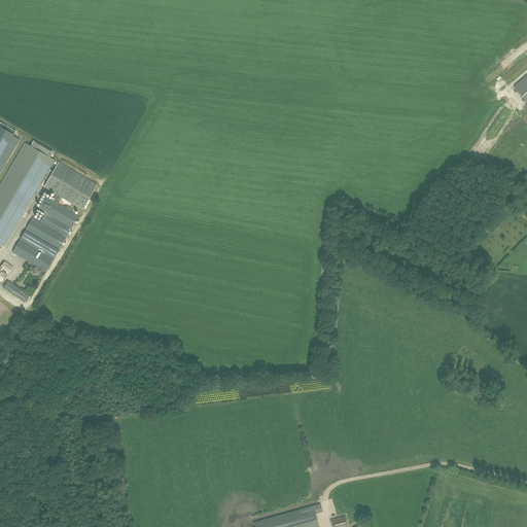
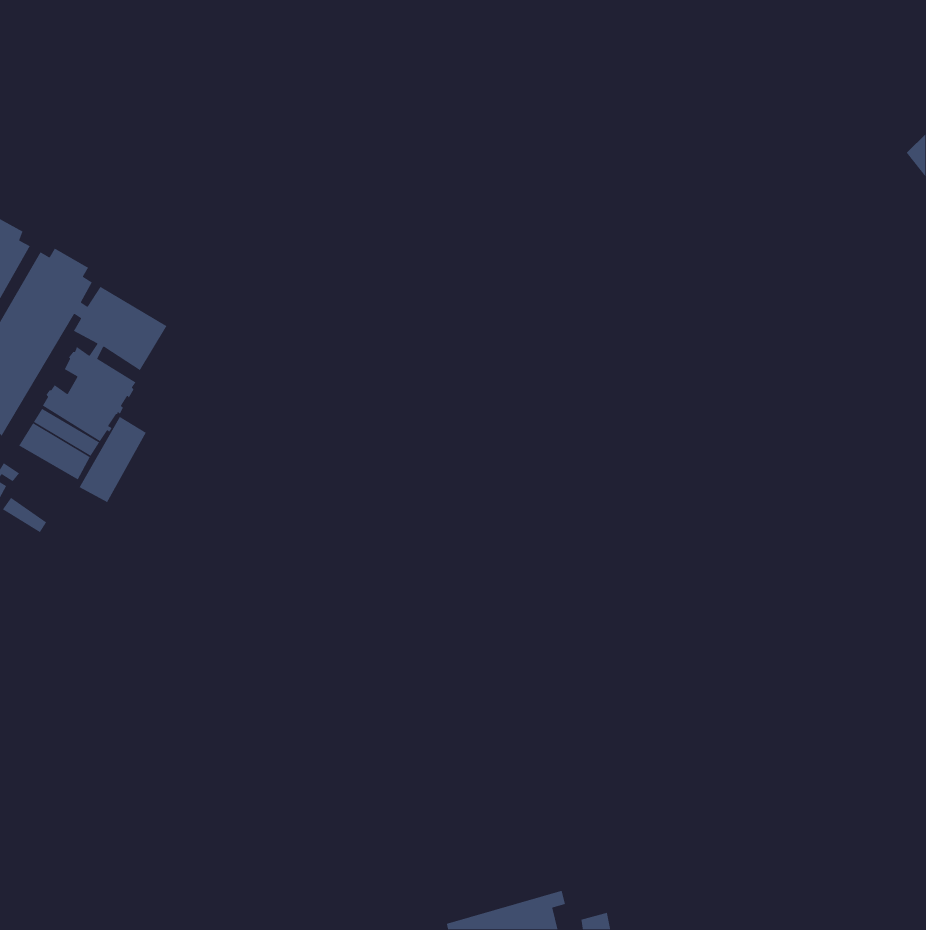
building: none -> [78,416,147,503]

